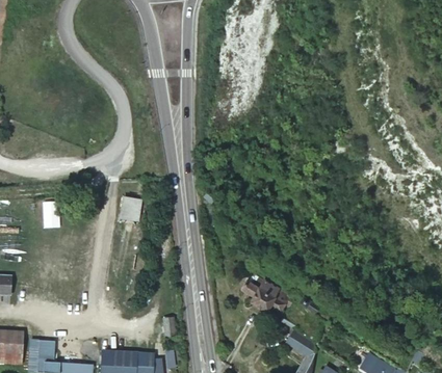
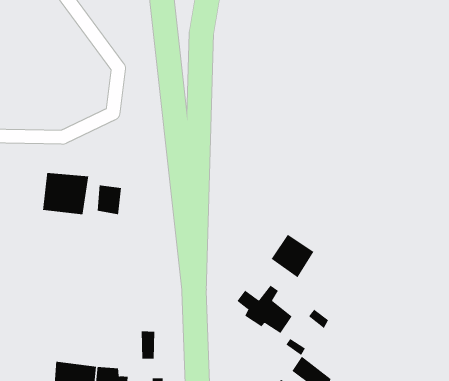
building: none -> [43,172,89,215]
building: none -> [271,234,314,278]

